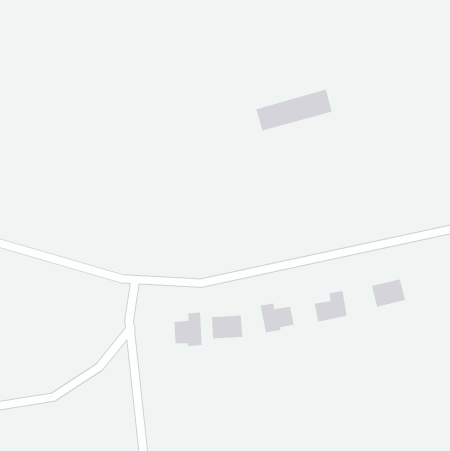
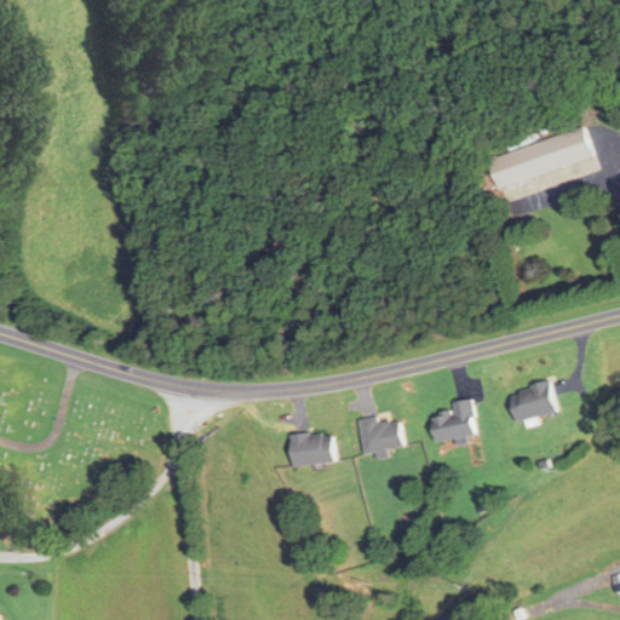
building: [256,89,333,131] -> [487,128,592,186]
building: [174,312,202,347] -> none

